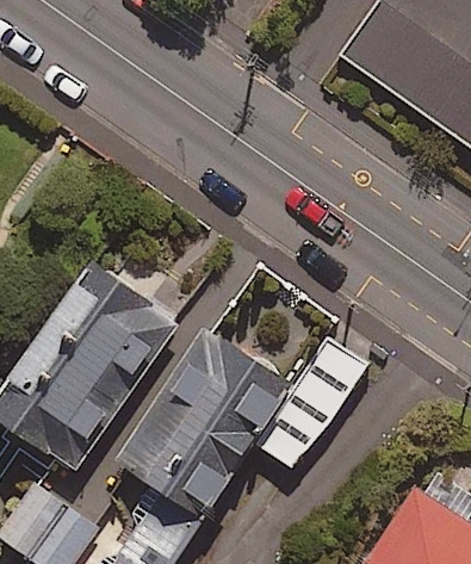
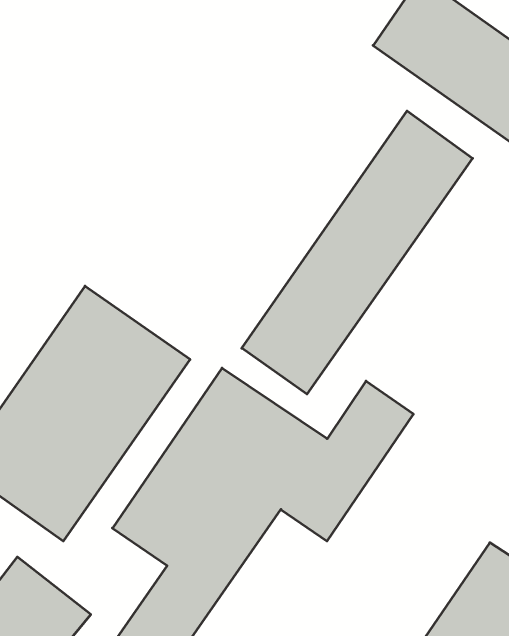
building: none -> [242,111,473,394]

